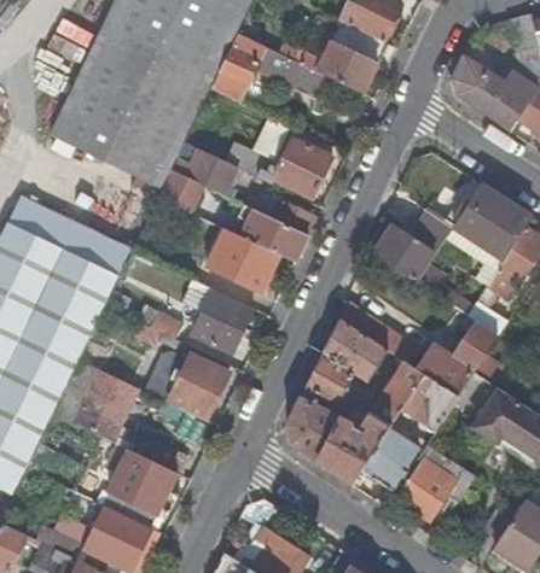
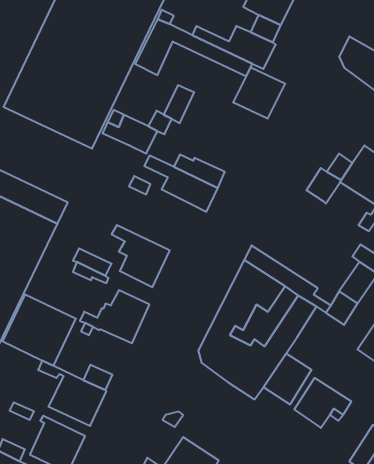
building: [272,136,333,197] -> [233,68,285,119]
building: [158,169,204,211] -> none
building: [374,224,434,280] -> none
building: [214,234,278,293] -> none
building: [402,374,458,431] -> none

